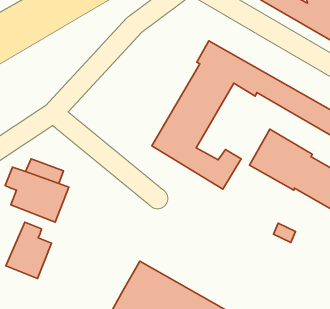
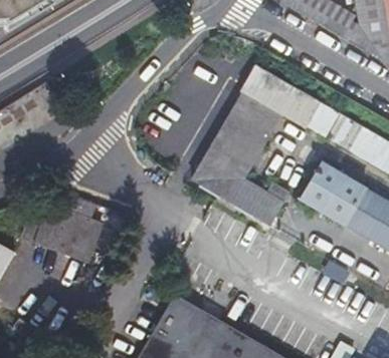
building: [6,222,51,278] -> none

